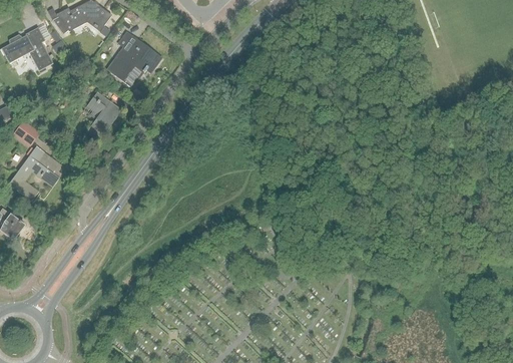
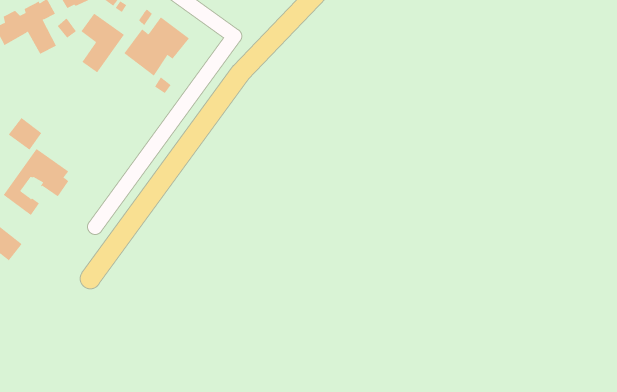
building: [85,90,121,139] -> [80,13,125,73]

